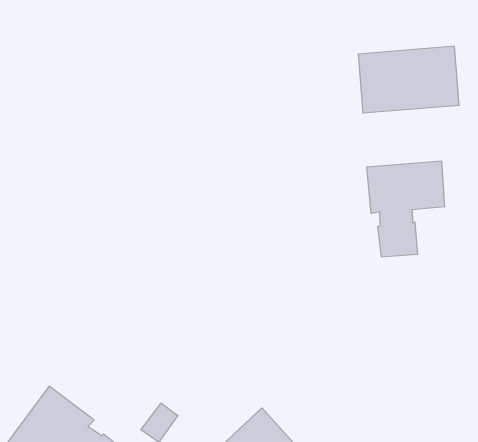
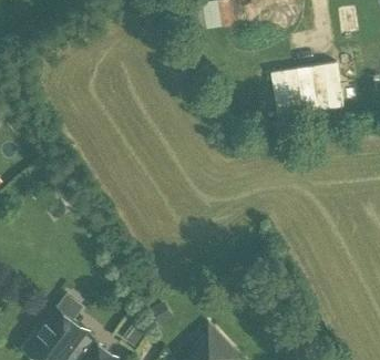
building: [367,161,444,257] -> none

